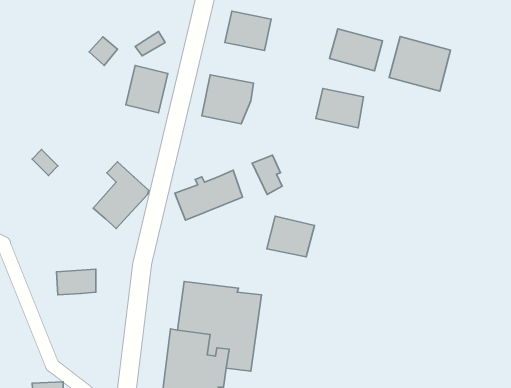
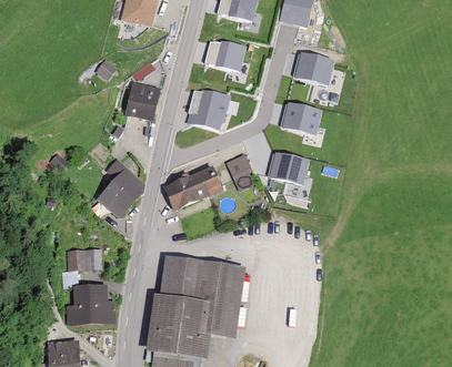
building: [389,36,451,91] -> none
building: [267,216,314,257] -> [269,150,308,183]
building: none -> [68,286,114,322]

